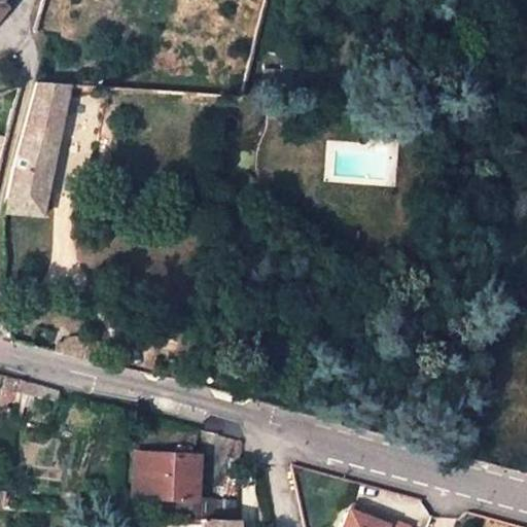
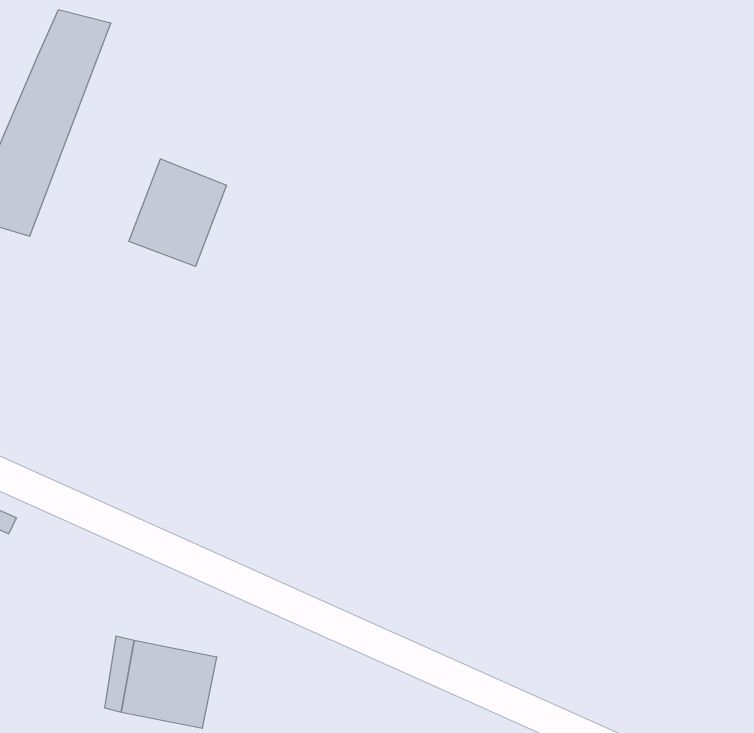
building: none -> [129,159,227,266]

